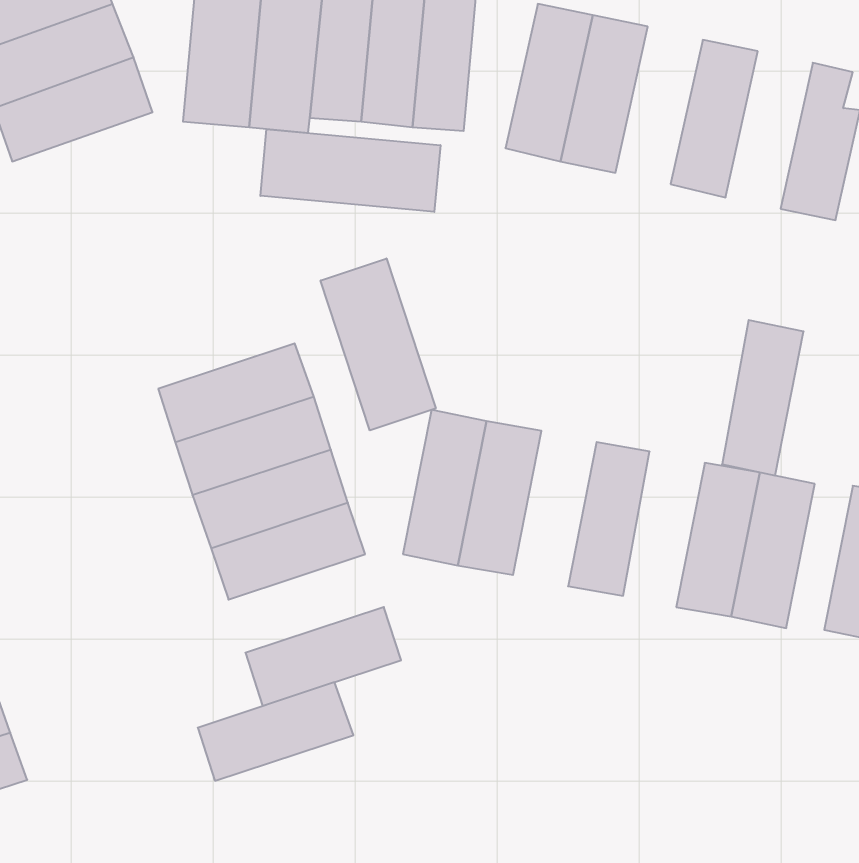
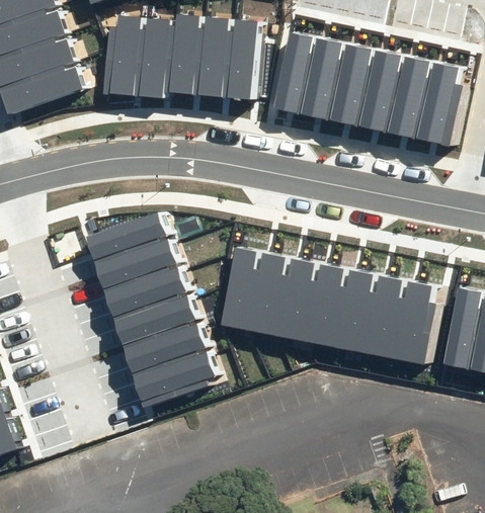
building: none -> [331,42,378,126]
building: none -> [390,56,436,140]
building: [260,129,440,212] -> none
building: [321,258,436,430] -> none
building: [722,320,804,476] -> [335,269,379,352]
building: none -> [276,258,321,341]
building: [198,682,353,781] -> [125,324,208,376]

